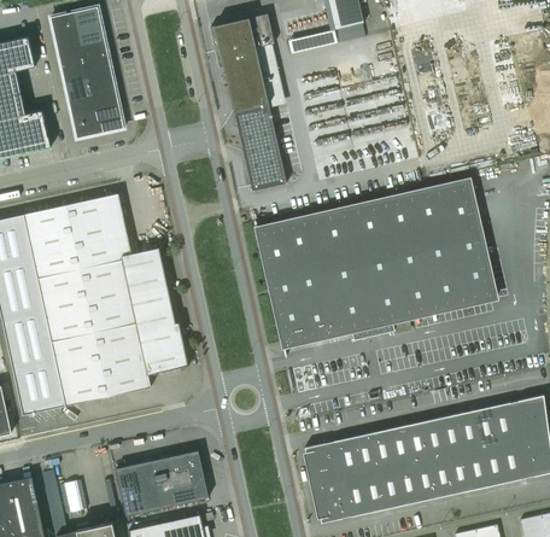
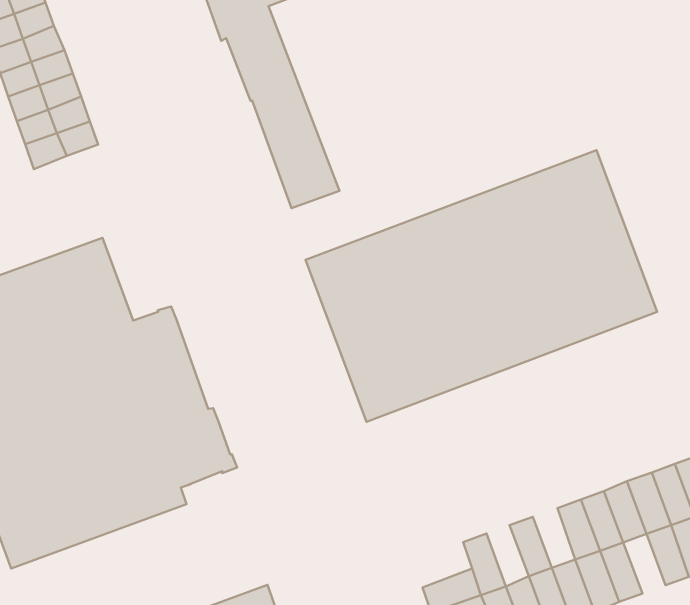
building: [390,425,415,466] -> none
building: [356,432,381,474] -> none
building: [303,439,343,467] -> none
building: [450,451,475,492] -> none

